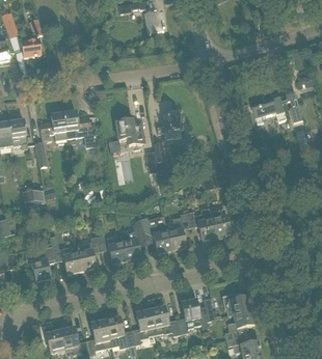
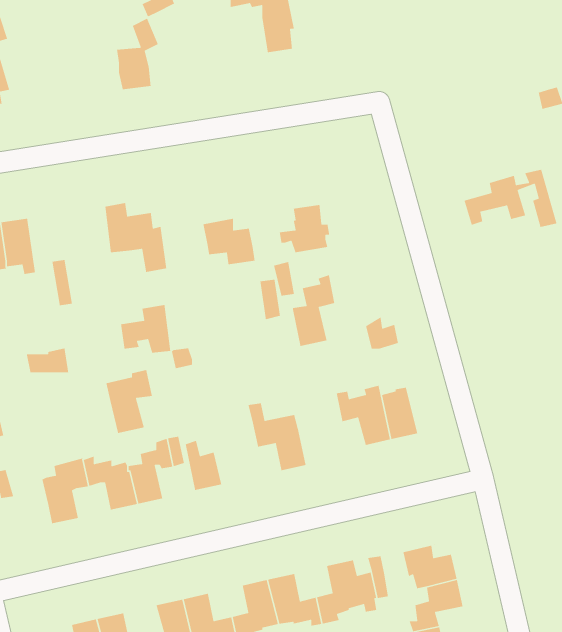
building: [21,17,44,55] -> [116,18,159,90]
building: [39,112,66,138] -> [120,304,171,353]
building: [166,211,189,249] -> [292,274,335,347]
building: [119,225,144,259] -> [106,369,153,434]

